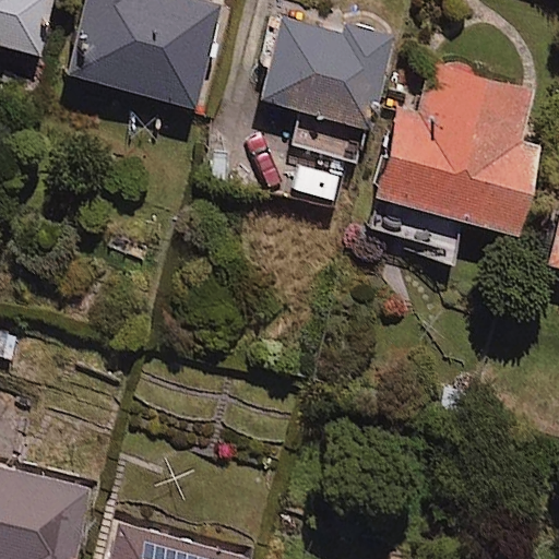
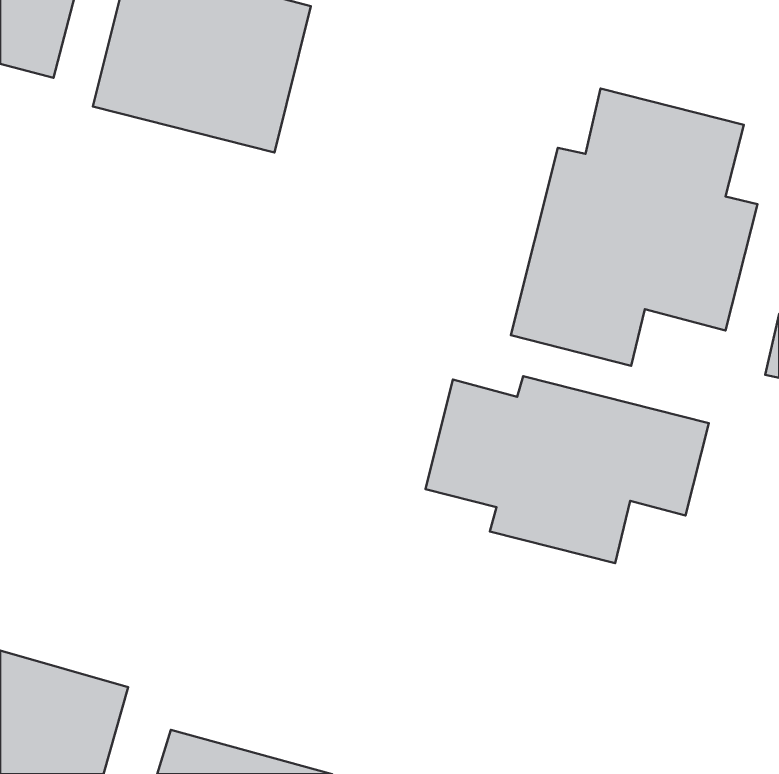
building: [261,17,394,127] -> none
building: none -> [425,376,709,563]

